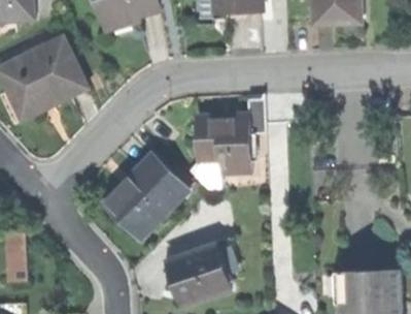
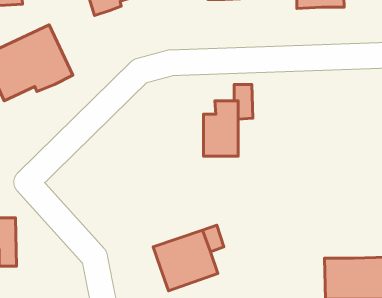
building: [195,115,230,158] -> none
building: [105,156,185,237] -> none

